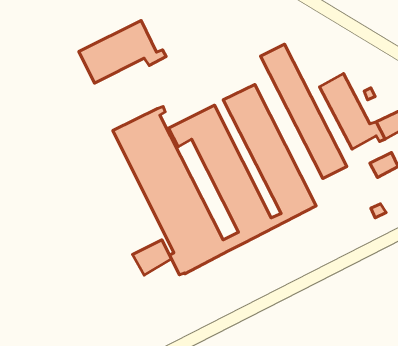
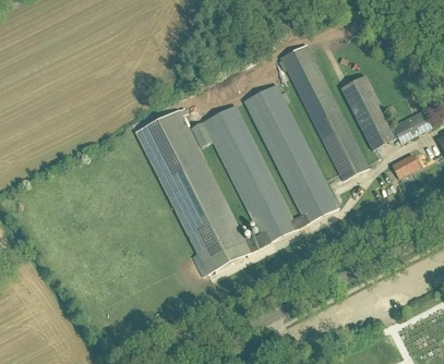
building: [79,20,166,83] -> none
building: [133,240,171,275] -> none

